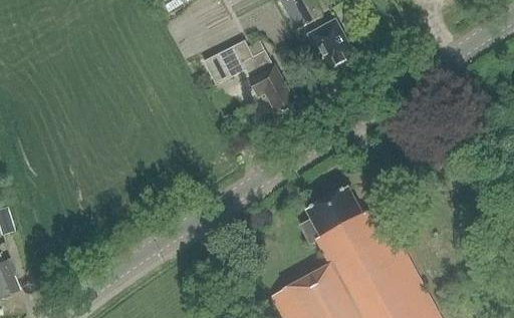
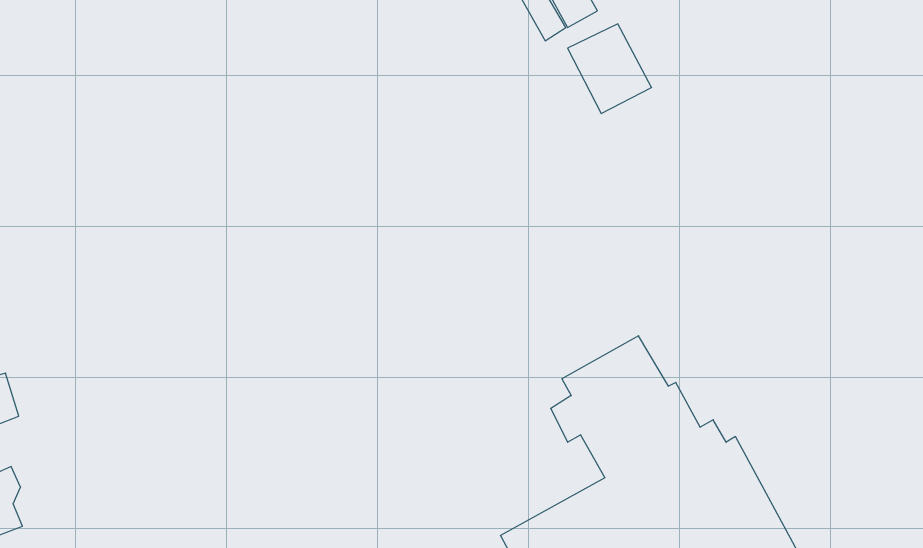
building: [205,41,291,109] -> none

